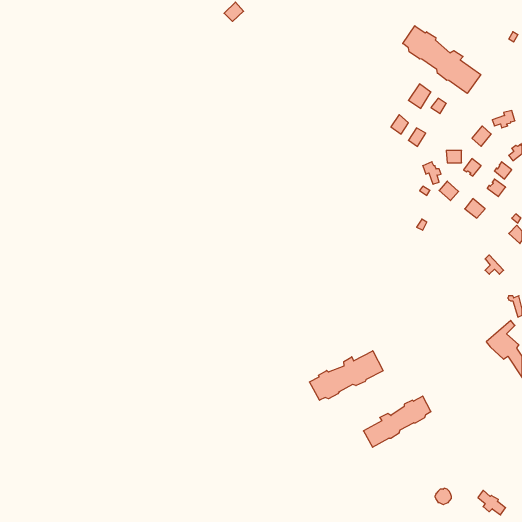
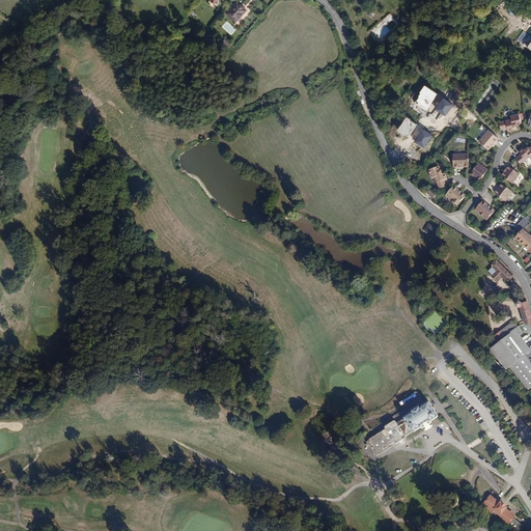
building: [403,26,481,93] -> none
building: [309,351,383,400] -> none

